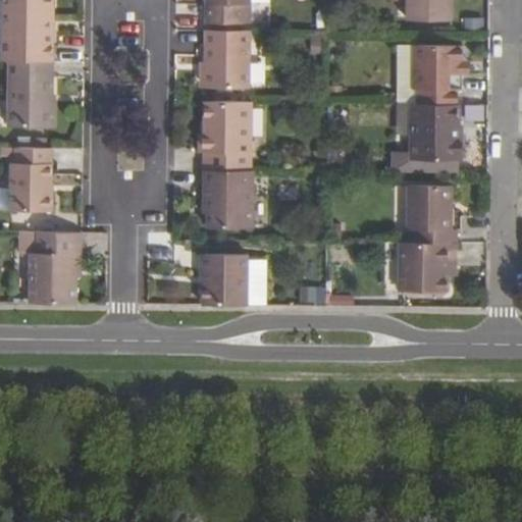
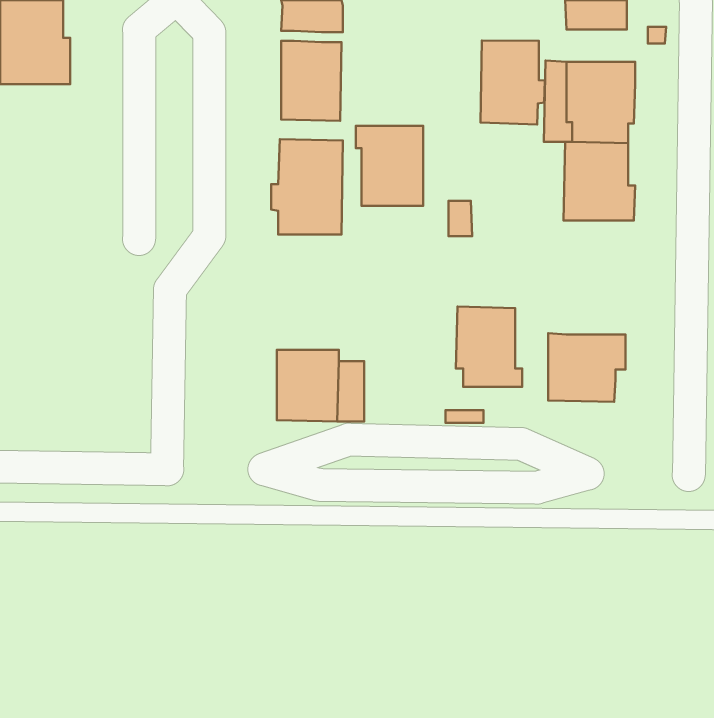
building: none -> [480,40,545,124]
building: [7,61,51,127] -> none
building: [8,148,49,211] -> none
building: [202,170,251,228] -> [356,126,423,206]
building: [406,185,454,243] -> [456,307,522,387]
building: [18,231,74,304] -> none

